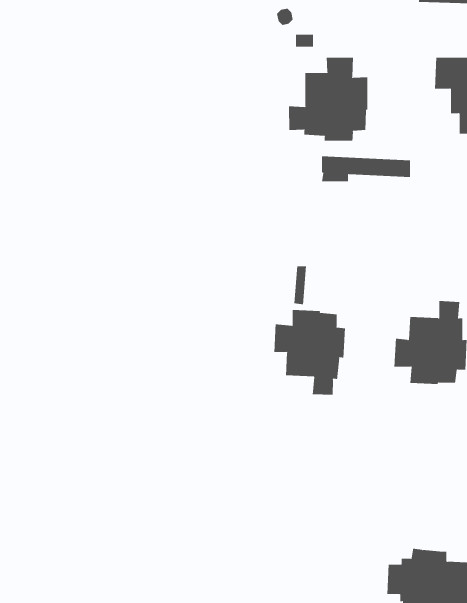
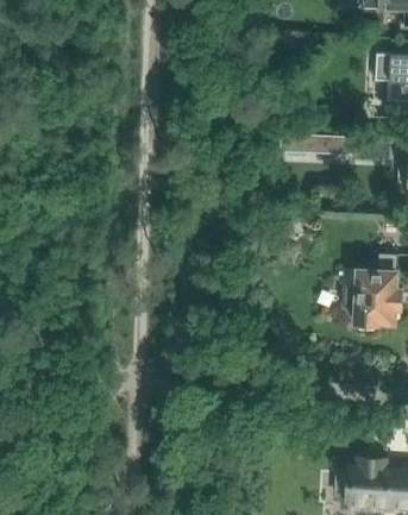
building: [288,57,368,142] -> none
building: [274,309,346,395] -> none

